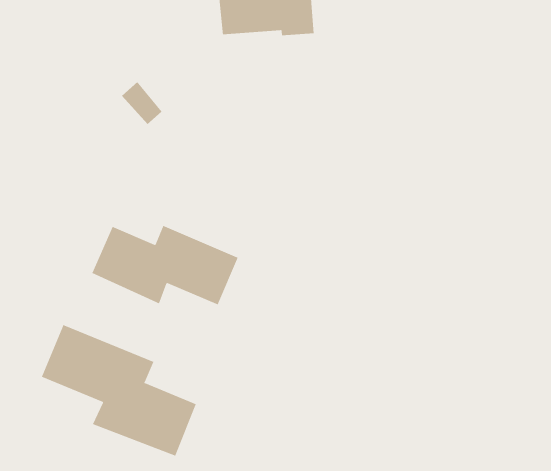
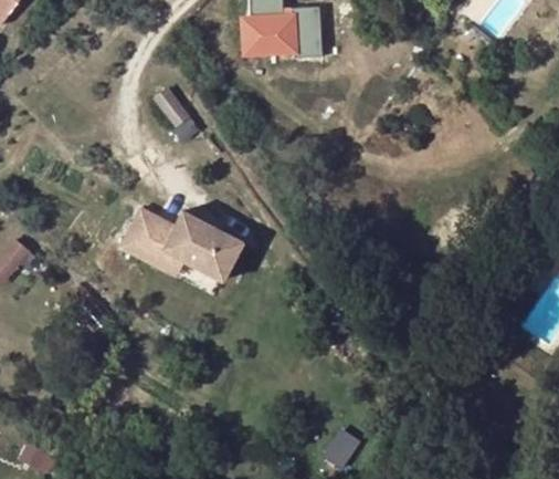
building: [41,324,196,456] -> none

